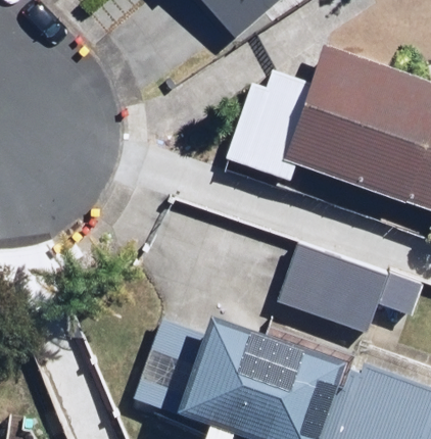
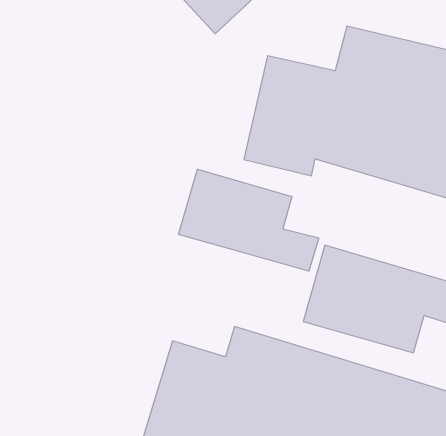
building: none -> [178,169,319,271]

